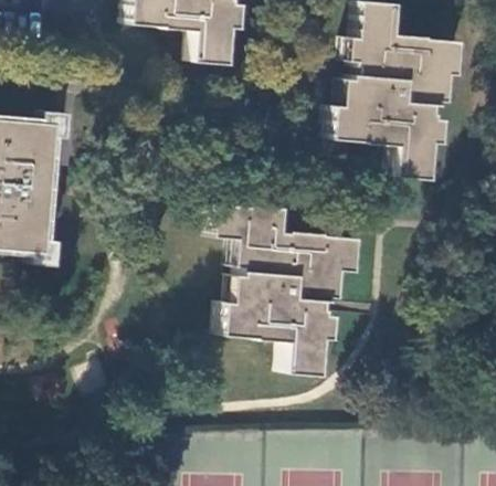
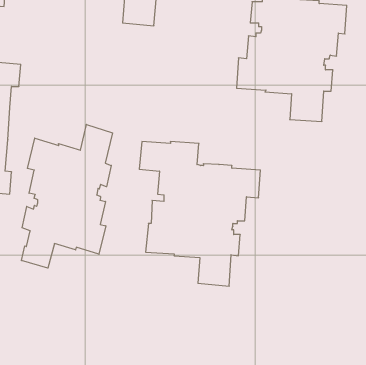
building: none -> [21,124,113,268]

